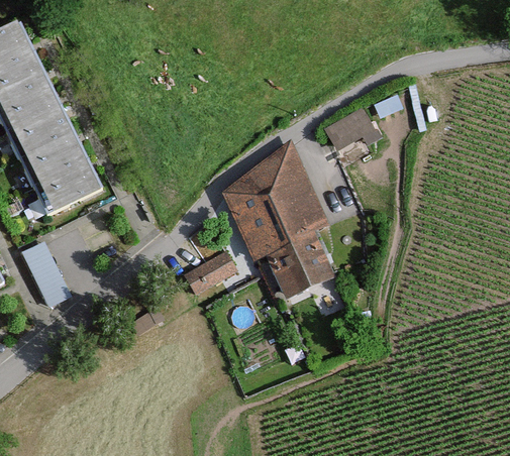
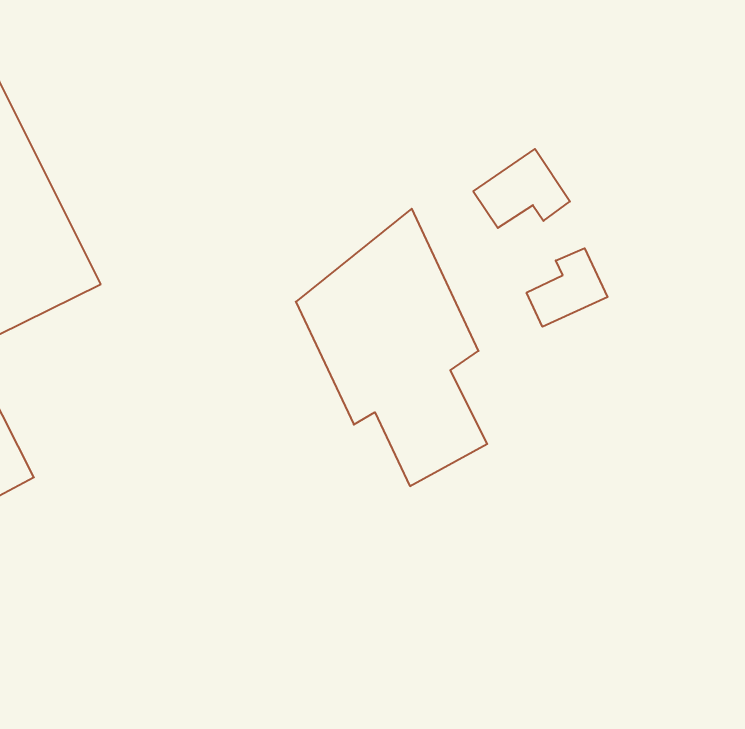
building: none -> [527,248,608,327]
building: [184,251,235,296] -> none

